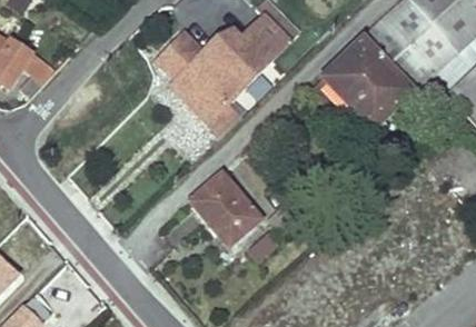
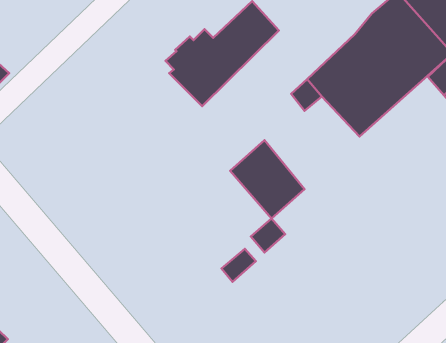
building: [157,28,229,112] -> none
building: [191,172,259,244] -> [230,140,305,218]

